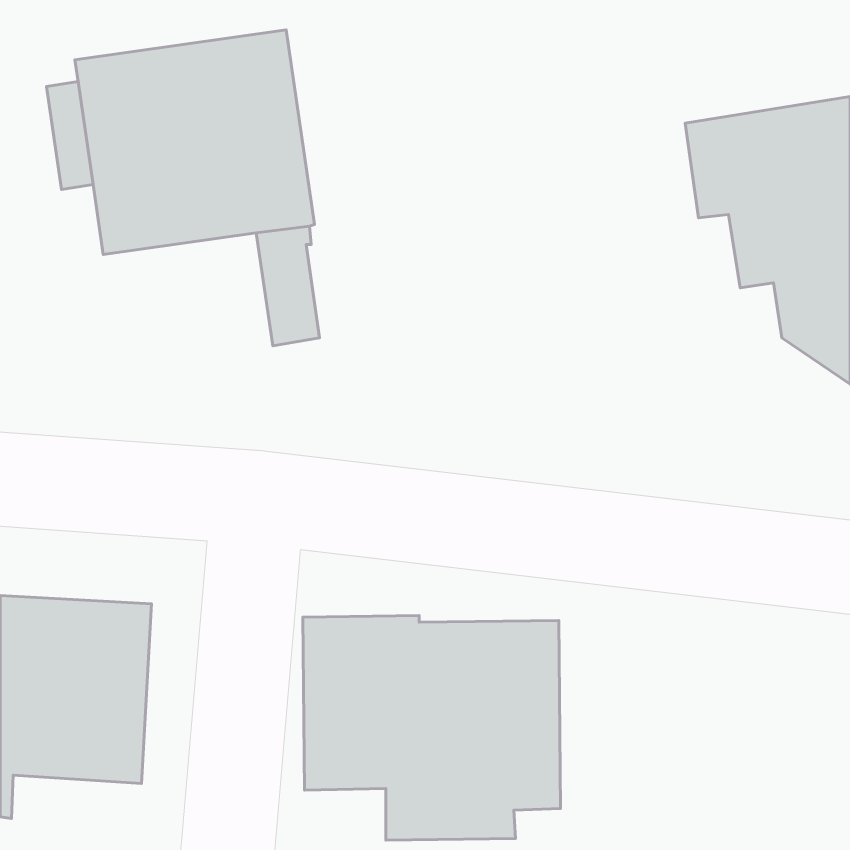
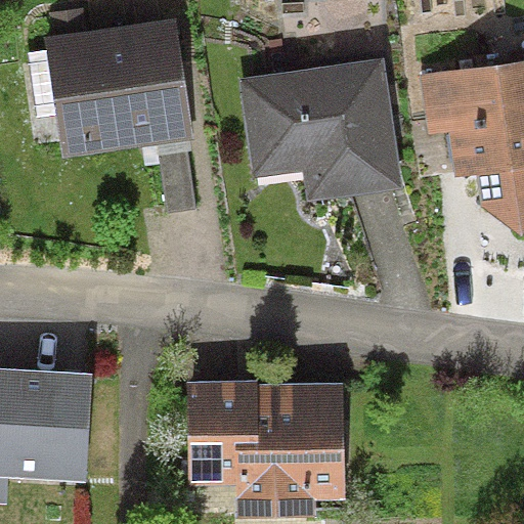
building: none -> [239,57,403,202]

